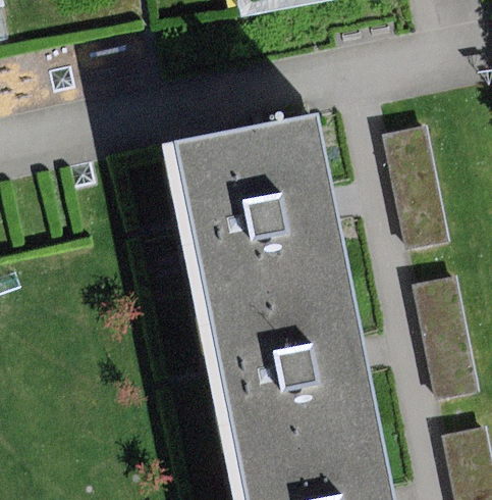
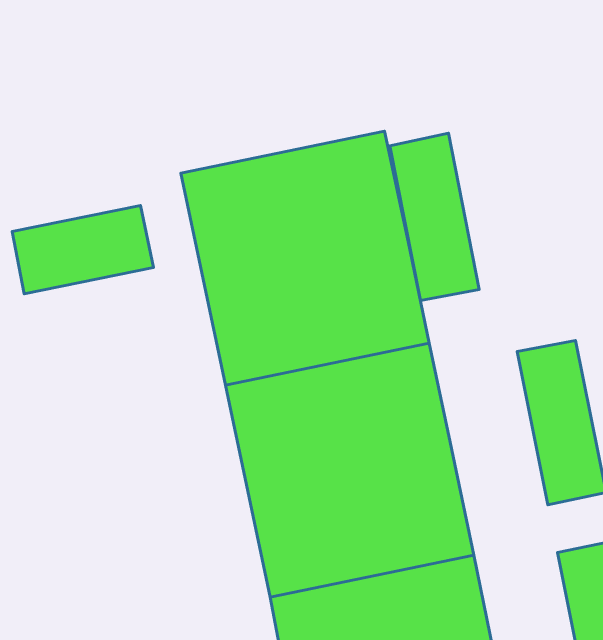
building: [384,123,449,246] -> [390,133,479,301]
building: none -> [12,205,154,294]

